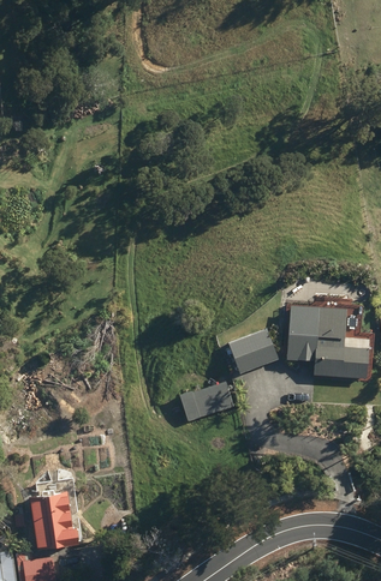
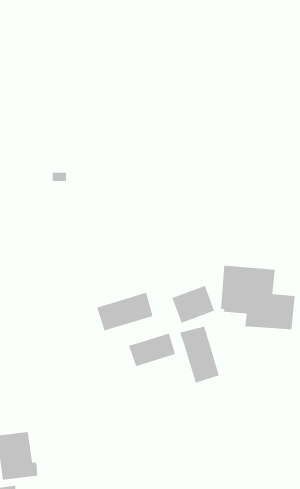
building: none -> [97,292,153,331]
building: none -> [180,326,220,383]

